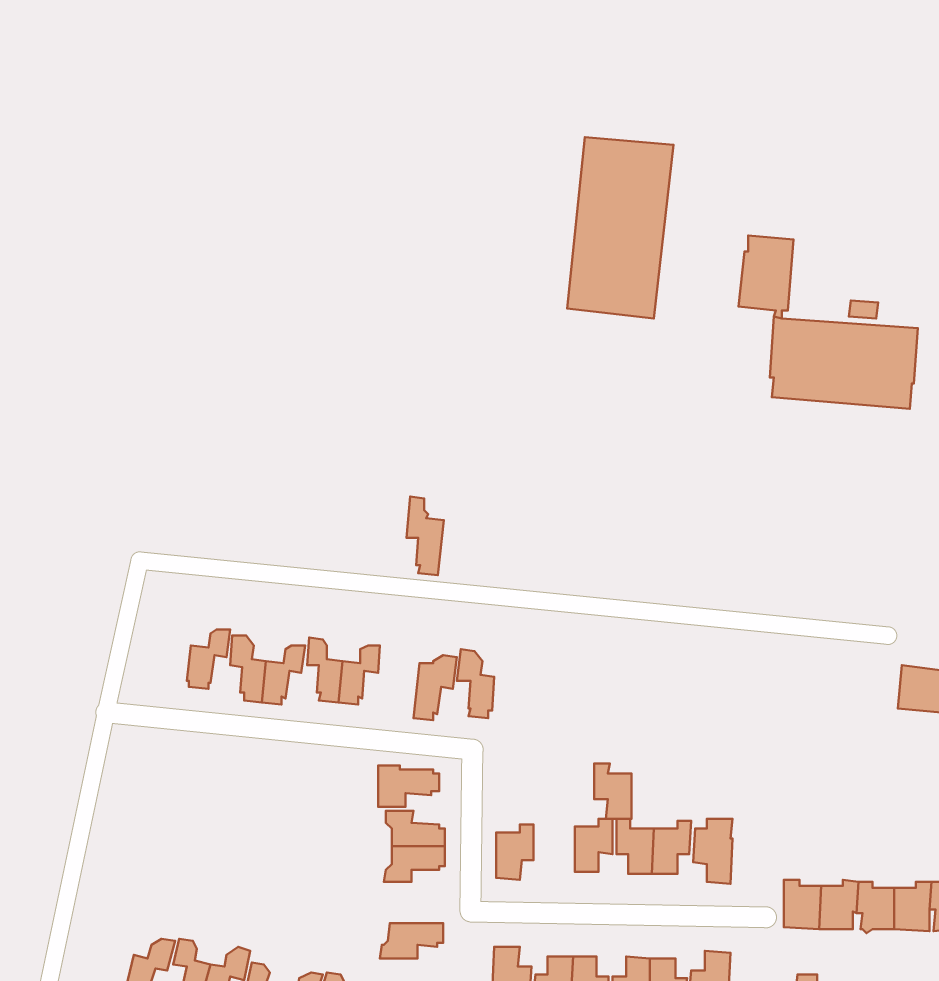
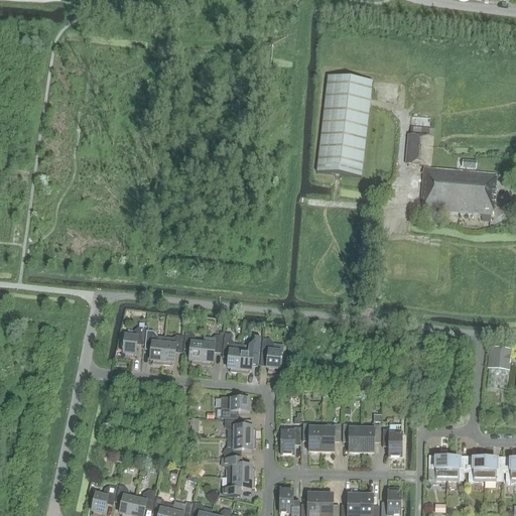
building: [406,496,444,575] -> [223,332,242,372]
building: [594,764,631,819] -> [302,422,321,450]
building: none -> [222,458,255,477]

